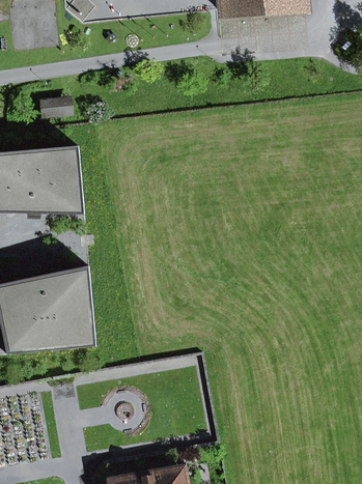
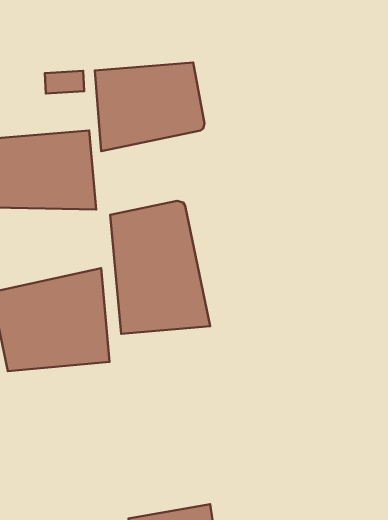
building: none -> [95,63,204,151]
building: none -> [110,201,210,334]

